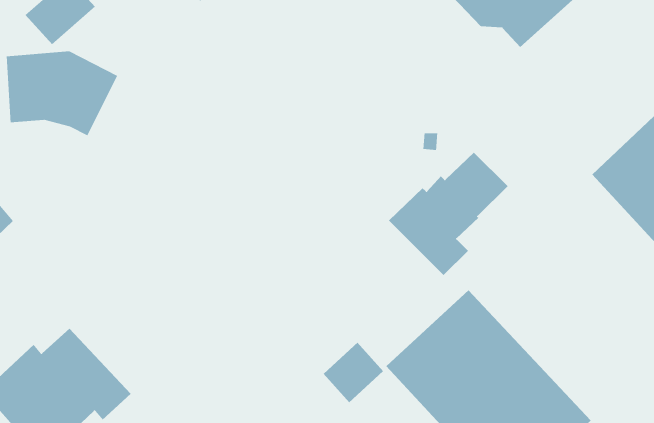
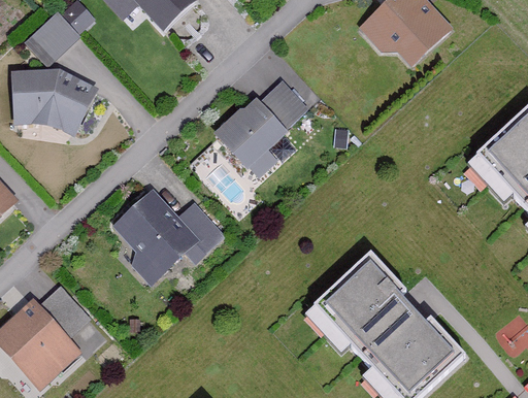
building: [388,152,508,276] -> [214,80,308,177]
building: none -> [113,189,224,284]
building: [323,342,384,403] -> none

